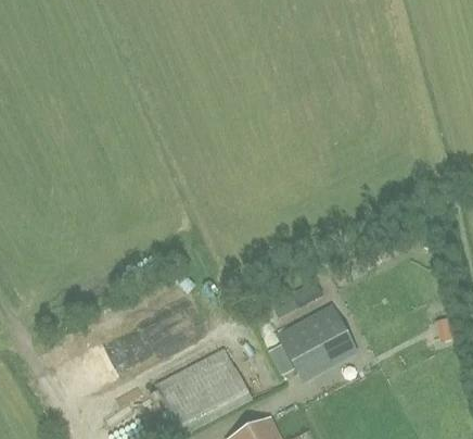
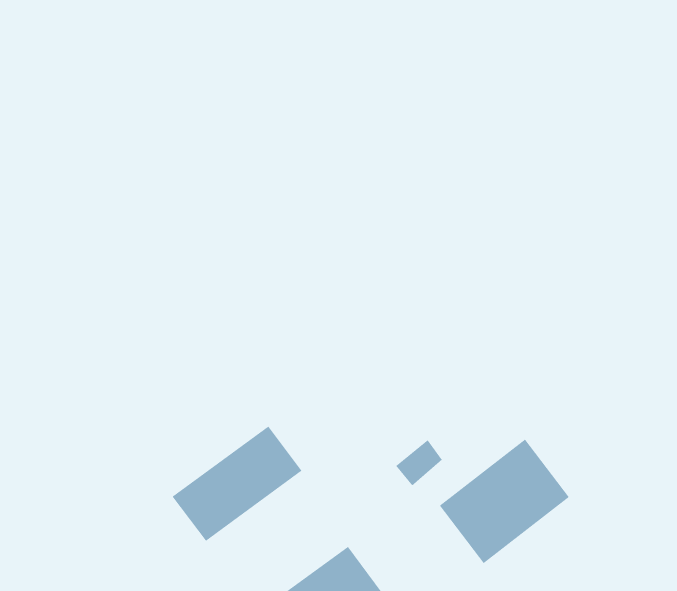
building: none -> [172,425,303,542]

